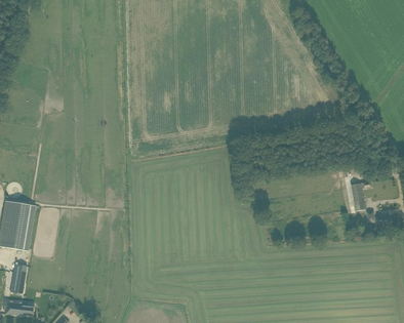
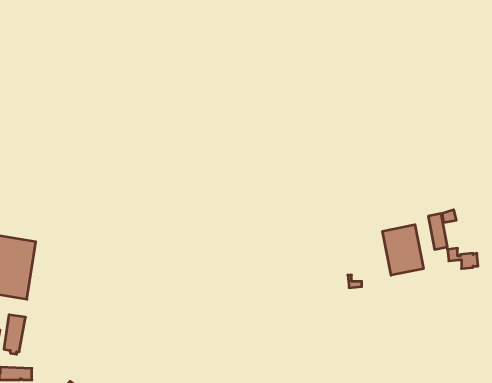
building: none -> [383,225,423,275]

